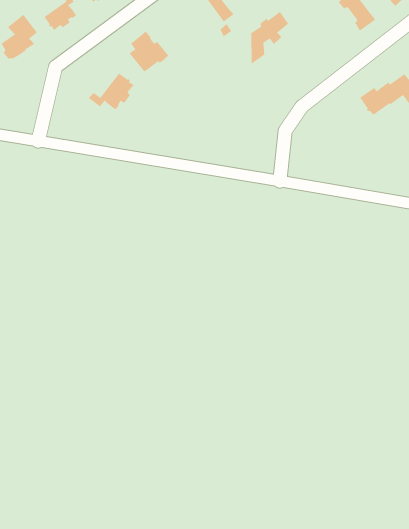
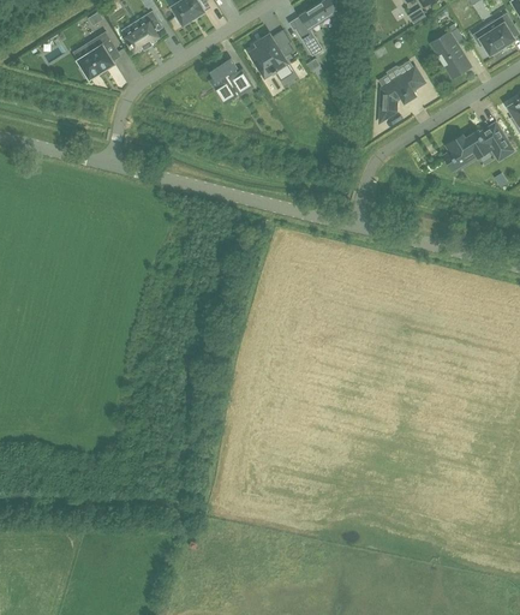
building: none -> [249,34,292,76]
building: [251,11,289,65] -> [378,66,422,120]
building: [88,73,135,111] -> none

